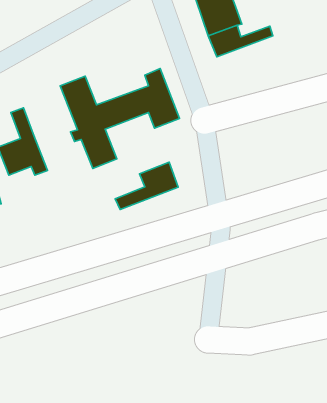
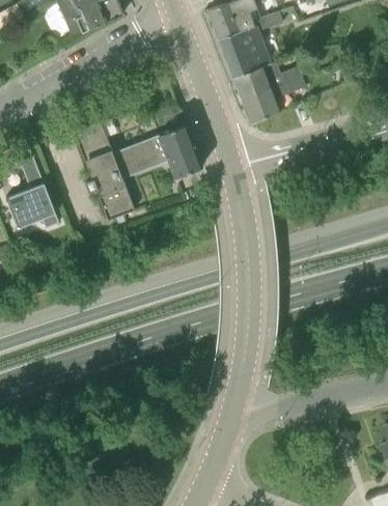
building: none -> [242,77,306,122]
building: [115,162,178,209] -> none

